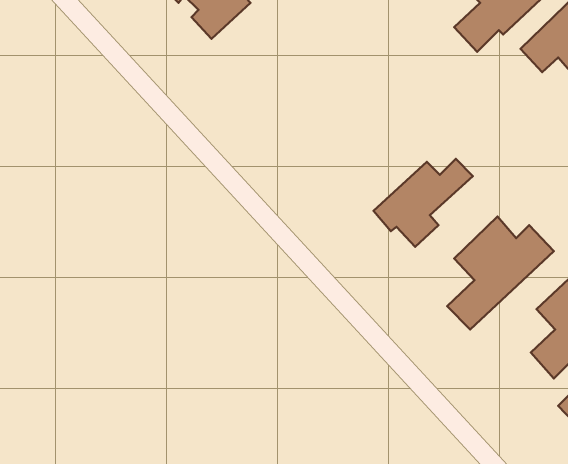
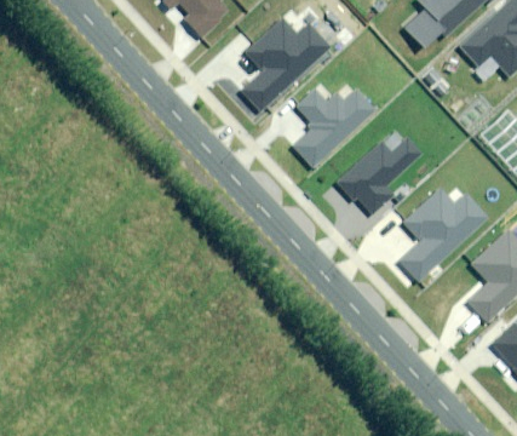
building: none -> [242,18,329,110]
building: none -> [292,88,377,168]

